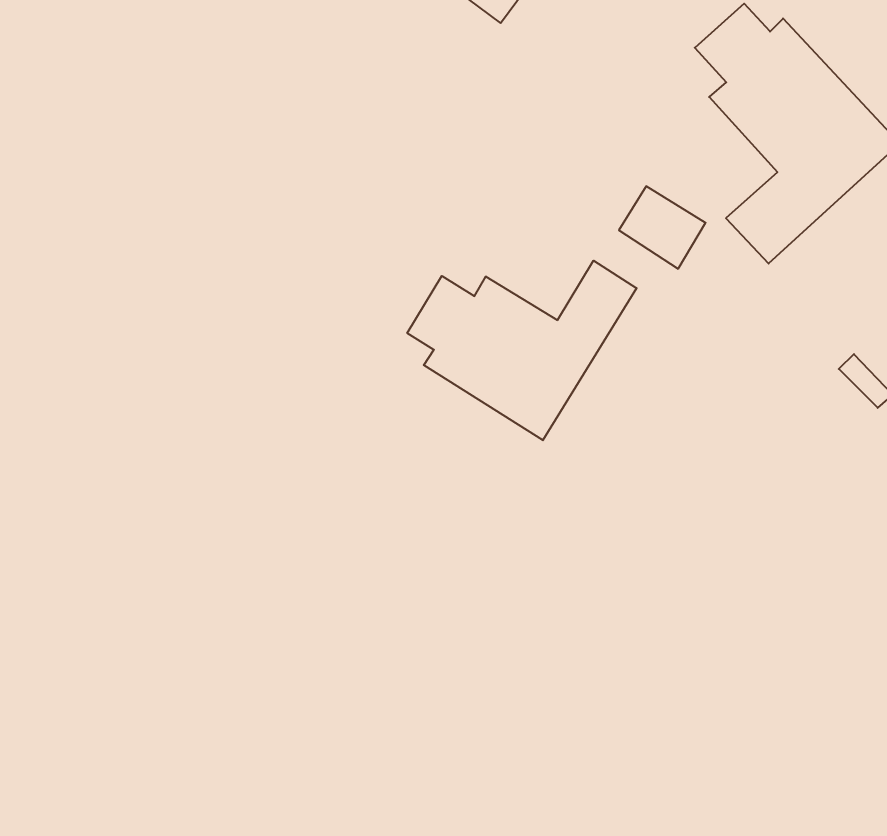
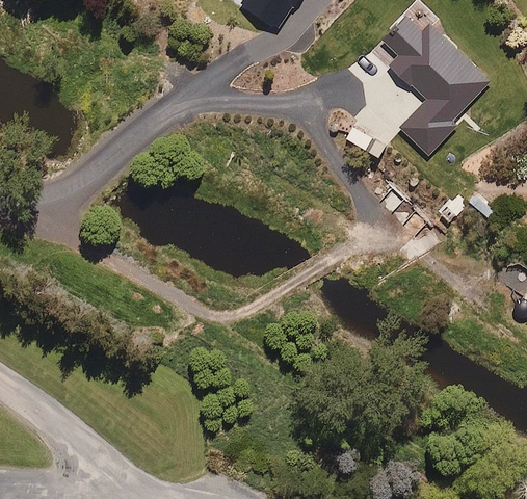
building: [407,261,637,440] -> none

